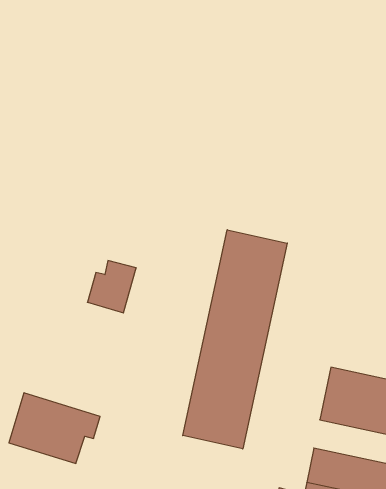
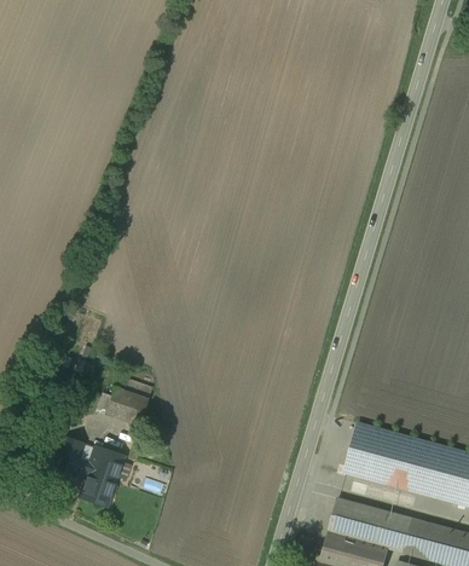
building: [183,230,287,449] -> none
building: [87,261,136,313] -> [104,370,152,421]

